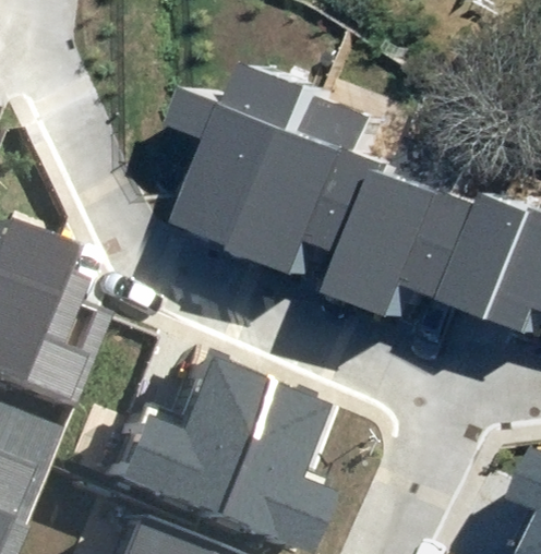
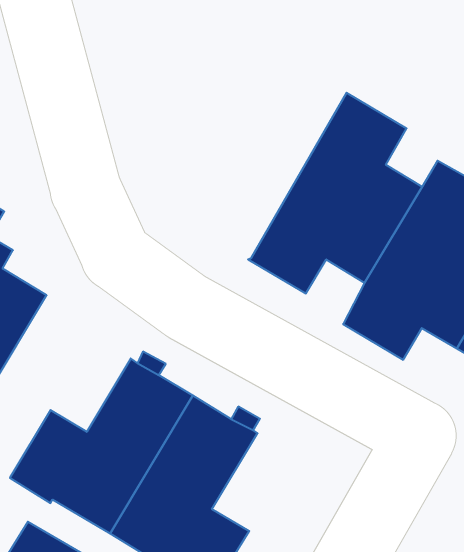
building: [201,73,338,260] -> none

